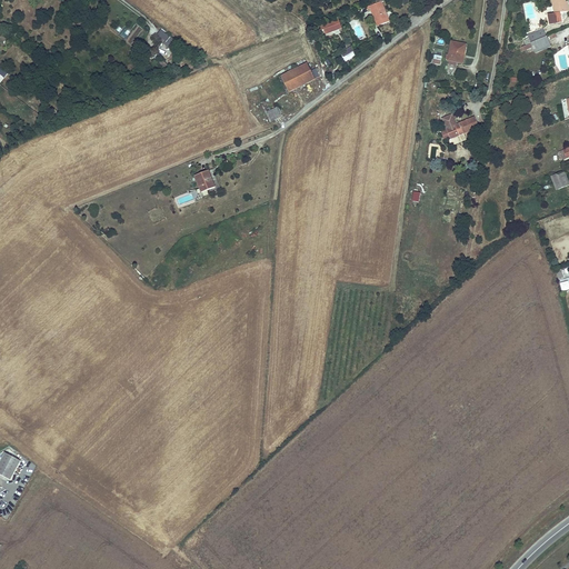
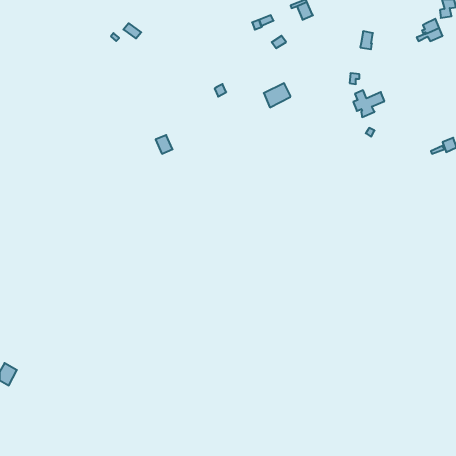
building: [280,61,313,91] -> [264,83,290,107]

